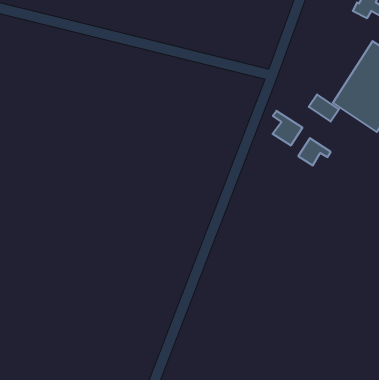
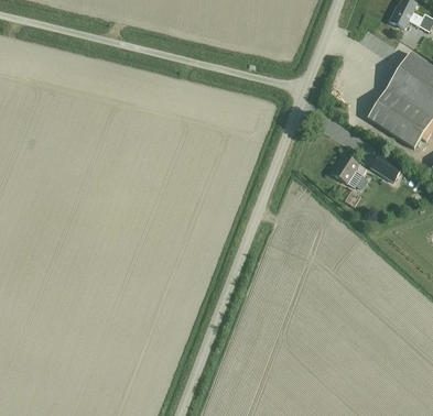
building: [309,94,339,122] -> [369,153,401,182]
building: [273,111,302,146] -> none

